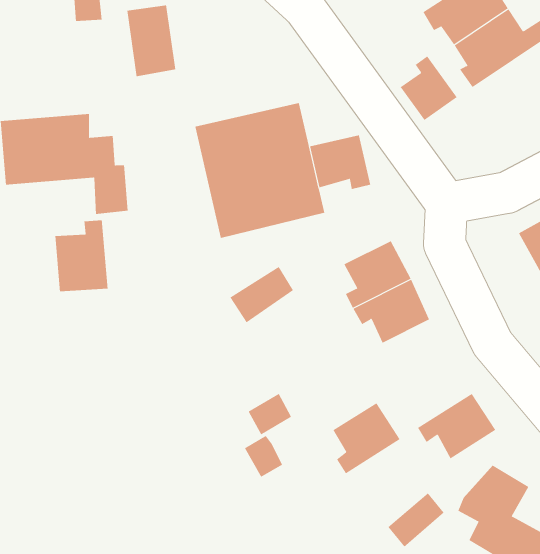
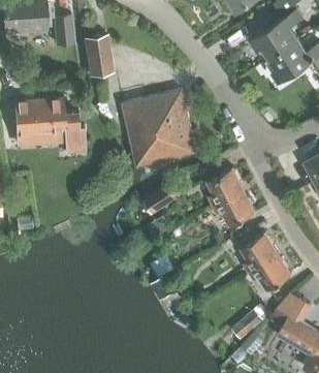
building: [400,56,458,121] -> none
building: [310,135,371,190] -> none
building: [55,219,108,292] -> none
building: [333,402,401,474] -> [241,234,279,274]

